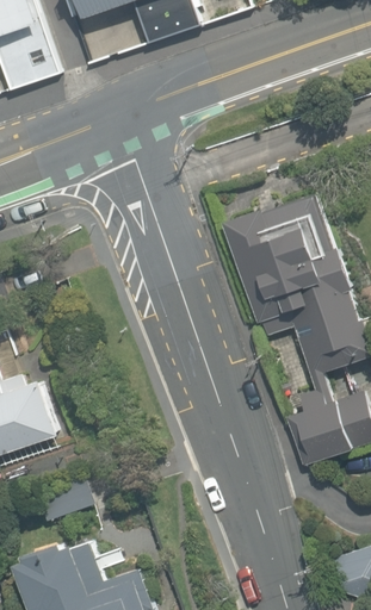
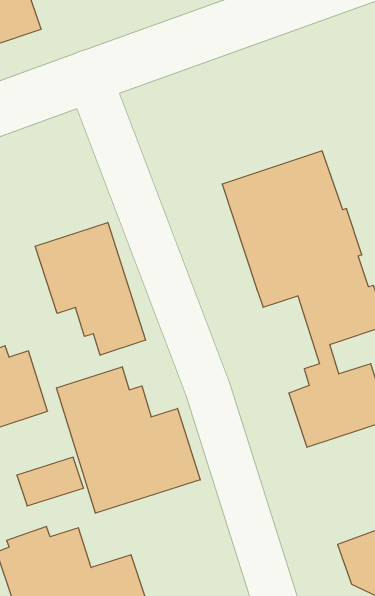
building: none -> [35,222,146,355]
building: none -> [57,367,200,513]

